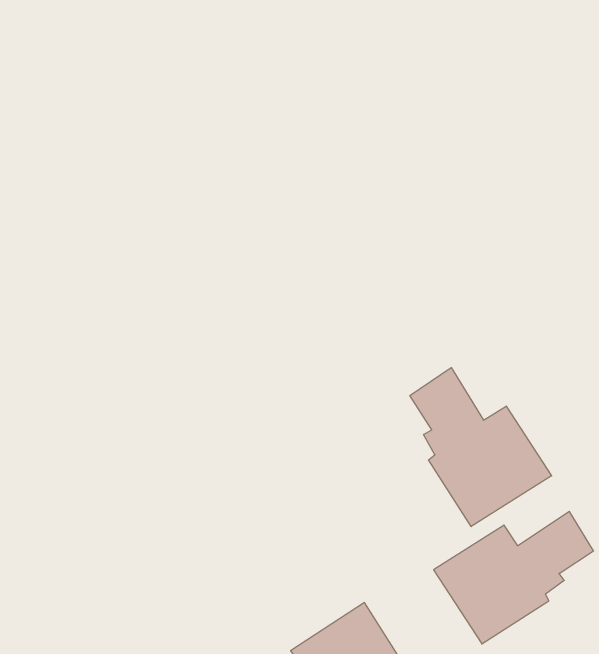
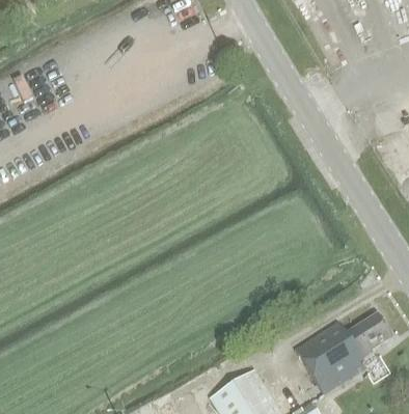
building: [410,368,552,527] -> none

